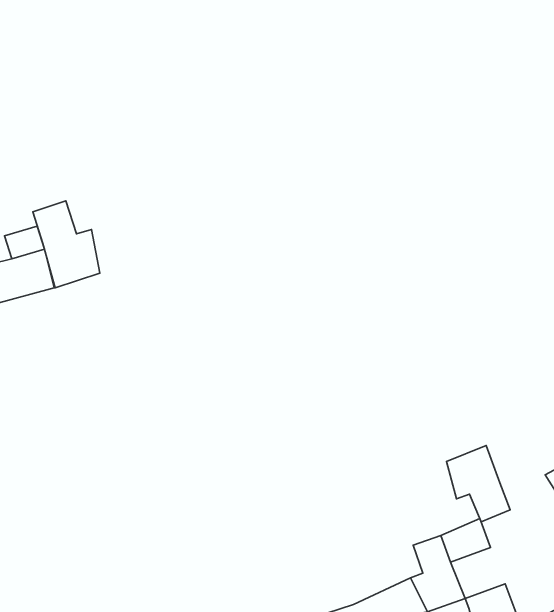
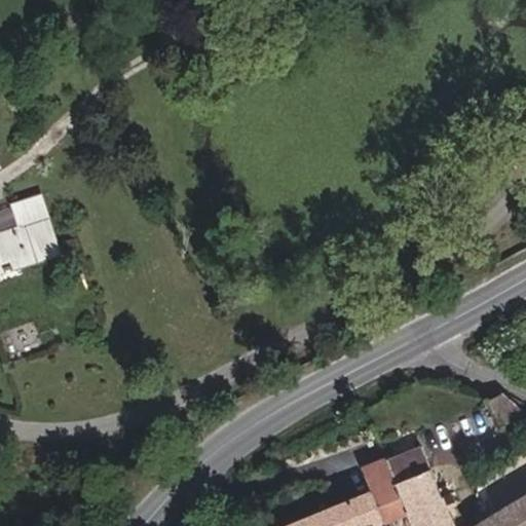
building: [33,201,100,288] -> none
building: [447,445,510,522] -> none
building: none -> [391,469,438,513]

